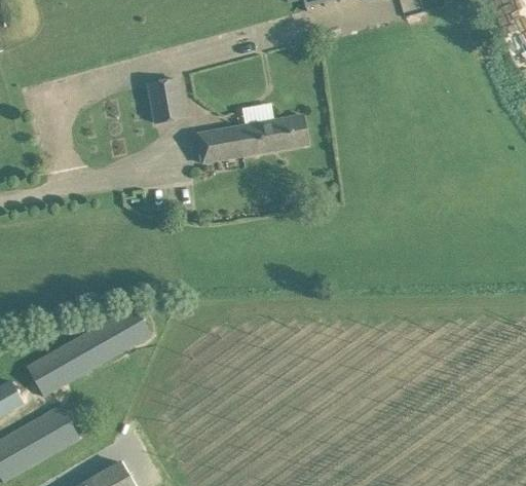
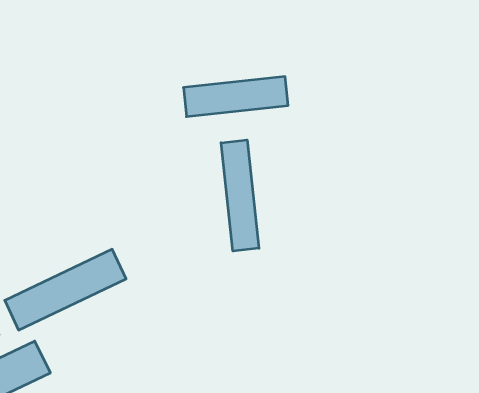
building: [148,80,183,123] -> none
building: none -> [221,140,259,251]

